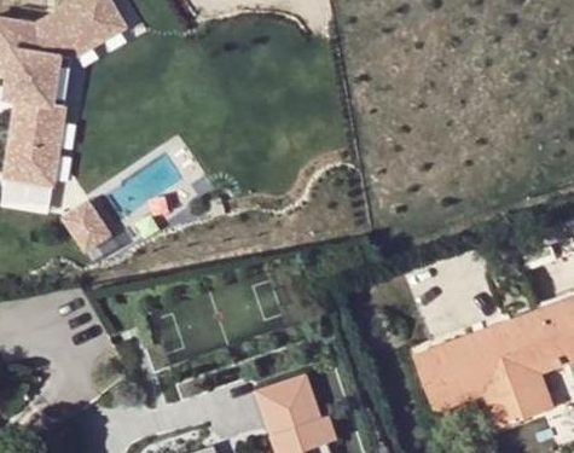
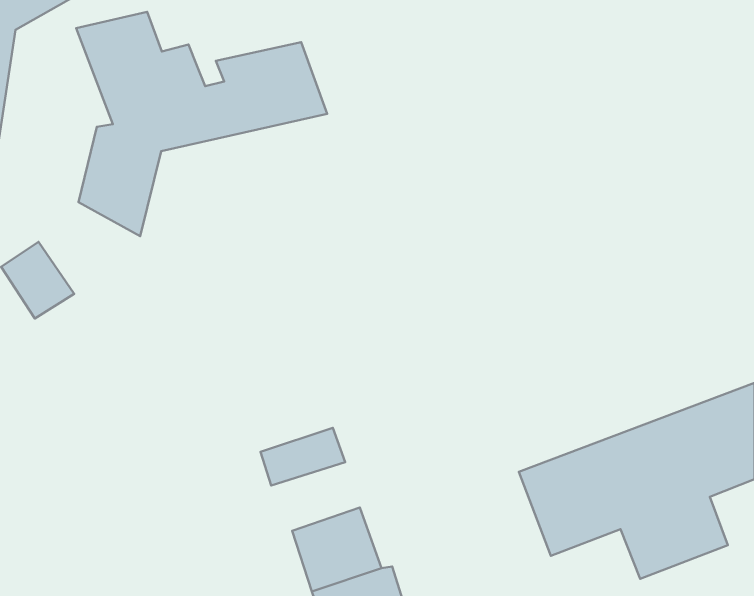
building: none -> [76,12,327,236]
building: none -> [260,428,345,486]

